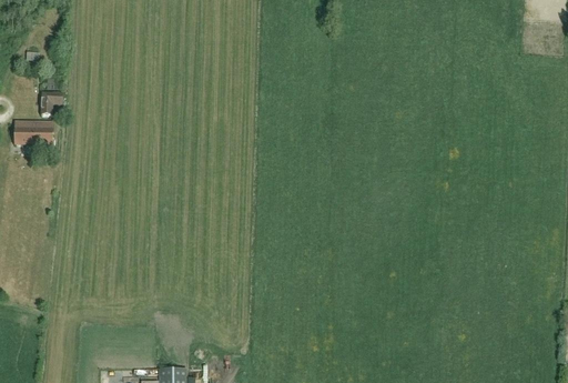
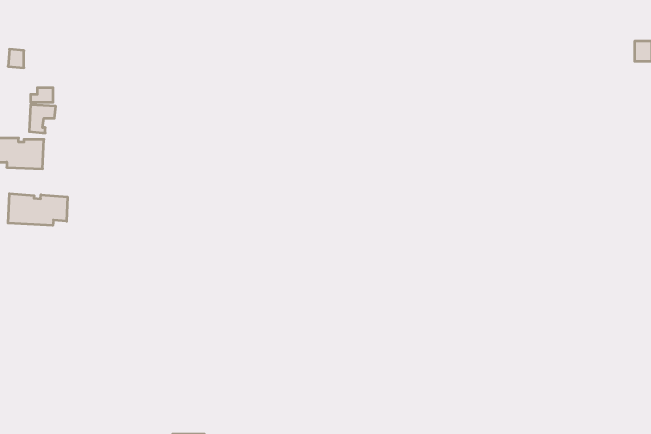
building: none -> [8,194,67,225]

